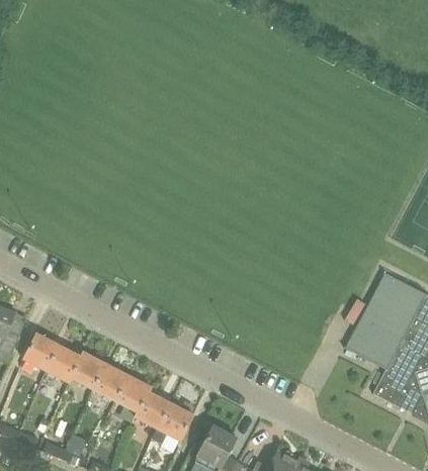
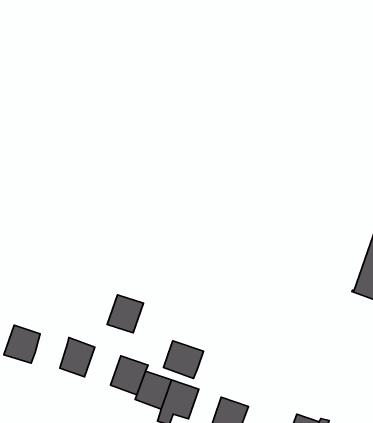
building: [46,344,81,381] -> none
building: [92,363,127,399] -> [107,295,143,333]
building: none -> [164,341,203,379]

